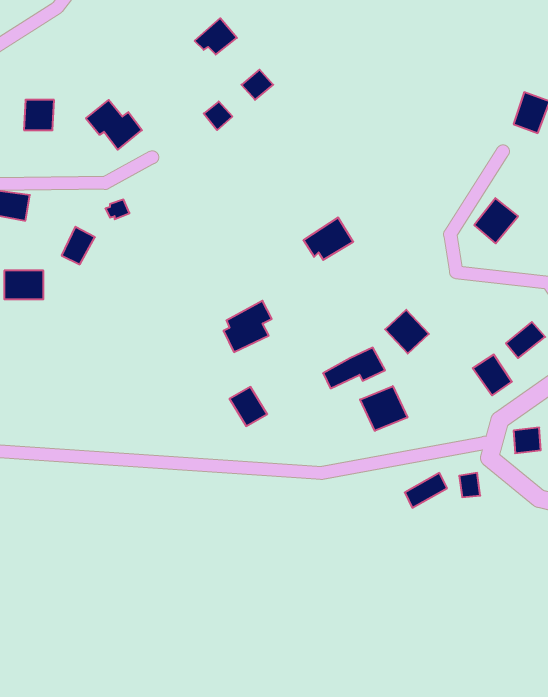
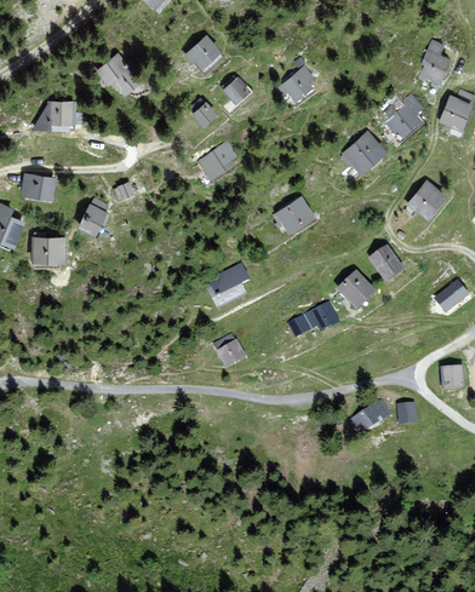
building: none -> [420,41,450,84]
building: none -> [280,68,313,100]
building: none -> [387,100,420,134]
building: [86,100,142,150] -> [98,56,143,96]
building: none -> [340,132,383,171]
building: none -> [198,143,234,179]
building: [473,355,512,395] -> [370,246,401,278]
building: [360,386,407,431] -> none

